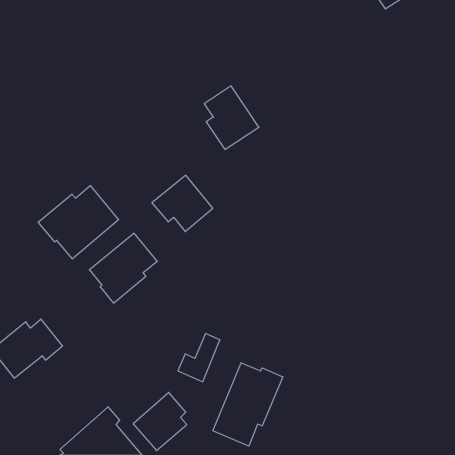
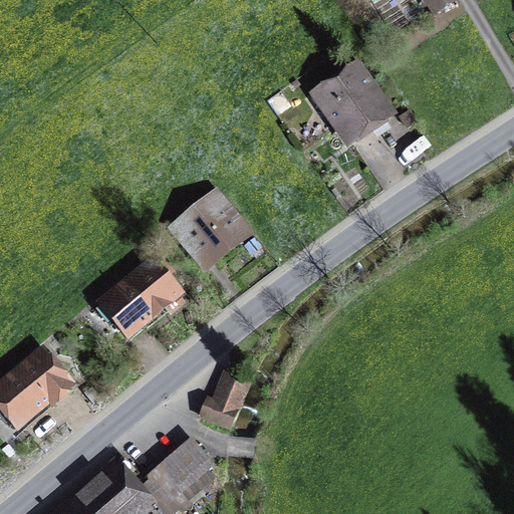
building: [204,86,259,149] -> [324,68,386,140]
building: [38,186,119,259] -> none
building: [213,363,283,446] -> none

